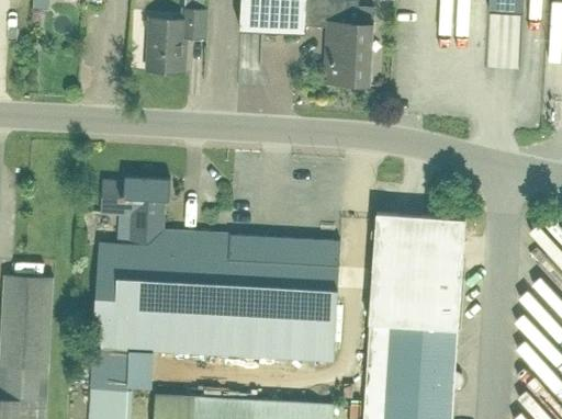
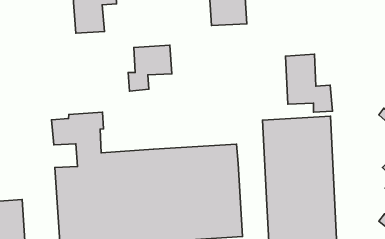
building: none -> [128,45,172,91]
building: none -> [286,54,332,112]

